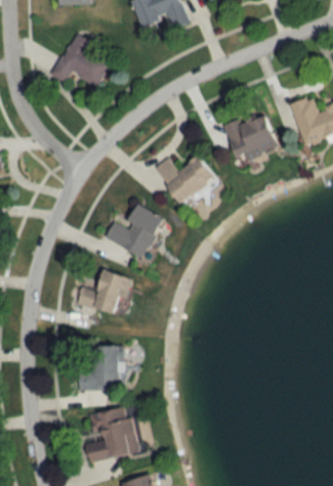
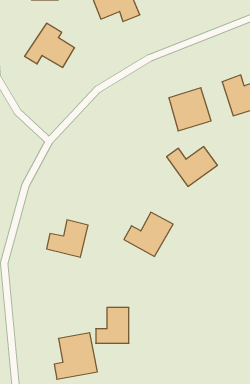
building: [154,154,215,203] -> [167,147,217,186]
building: [105,204,164,257] -> [124,212,173,256]
building: [79,346,119,389] -> [96,308,129,343]

